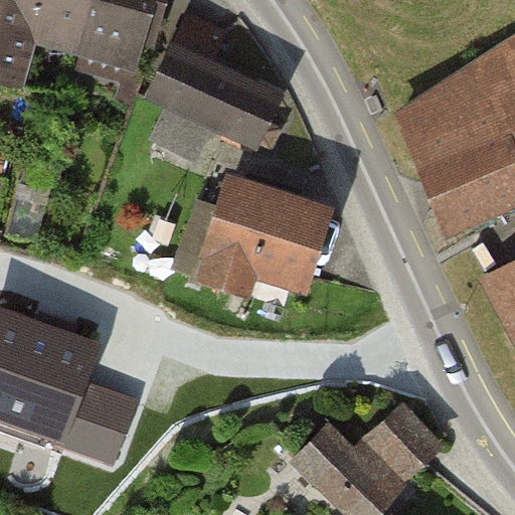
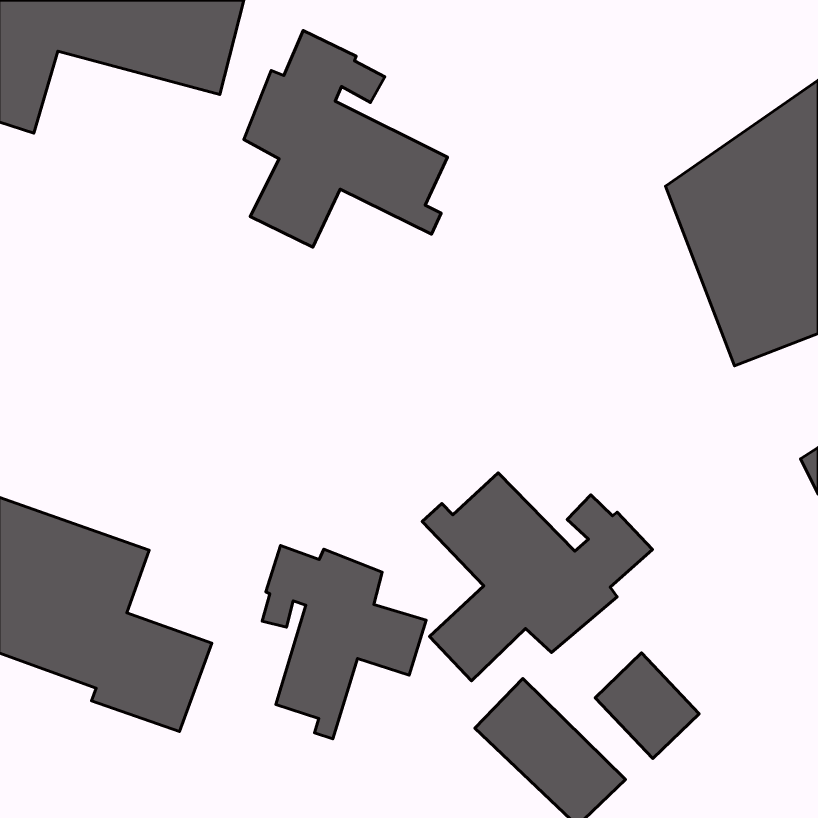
building: [182,184,320,287] -> none
building: none -> [422,473,653,681]
building: none -> [262,546,426,739]

